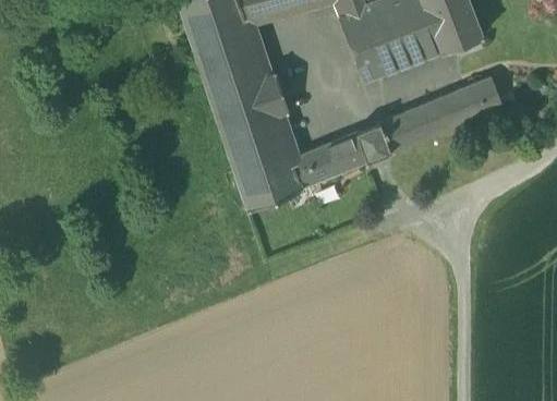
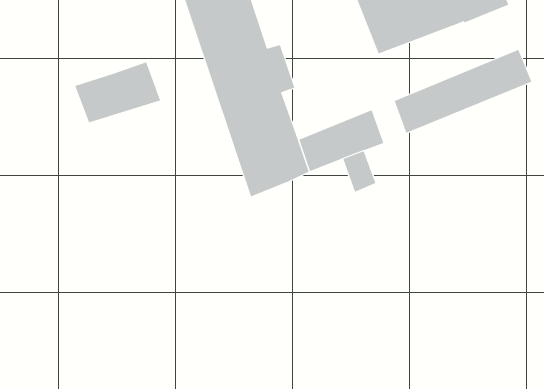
building: none -> [75,62,161,123]
building: [361,123,391,161] -> [343,151,376,193]

